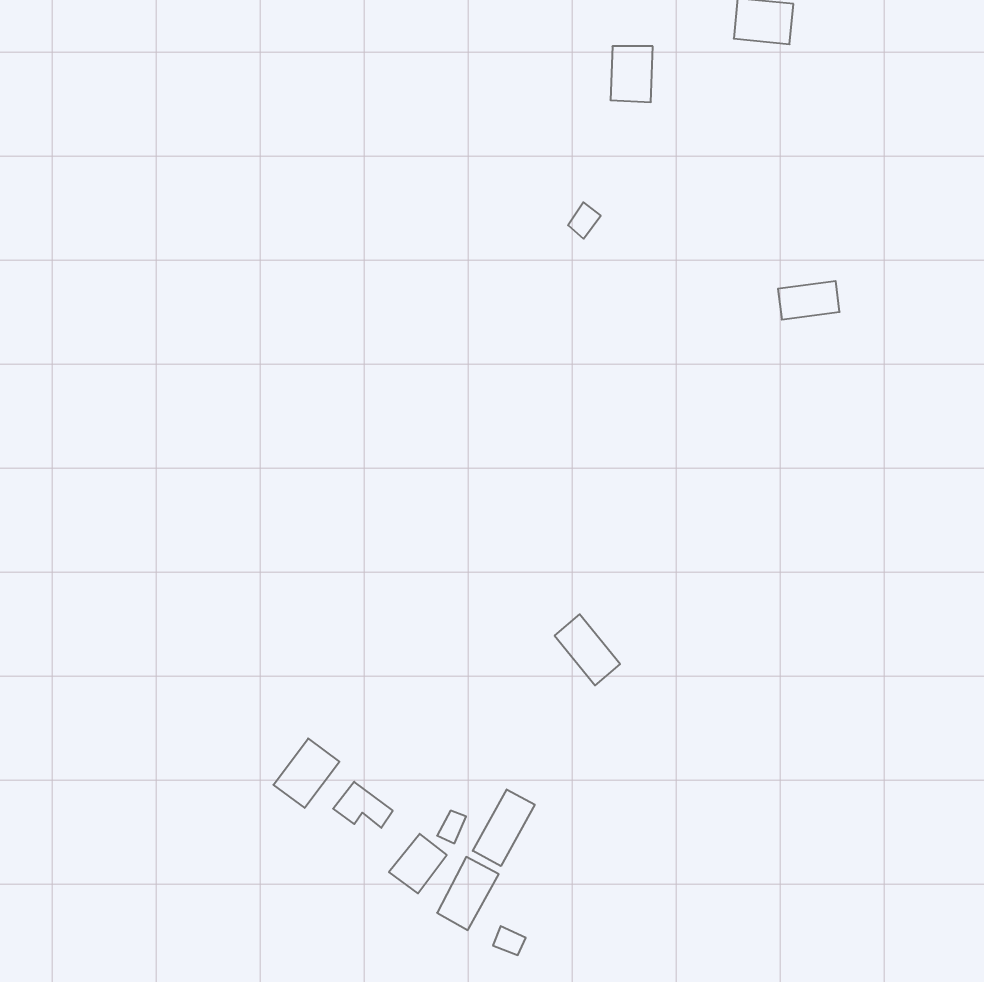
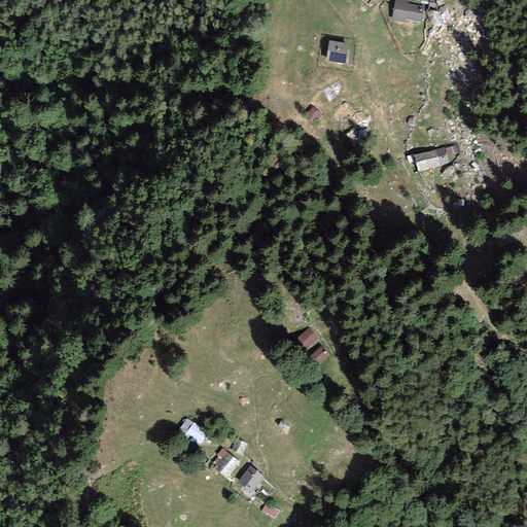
building: [273,738,339,808] -> none
building: [473,789,535,866] -> none

